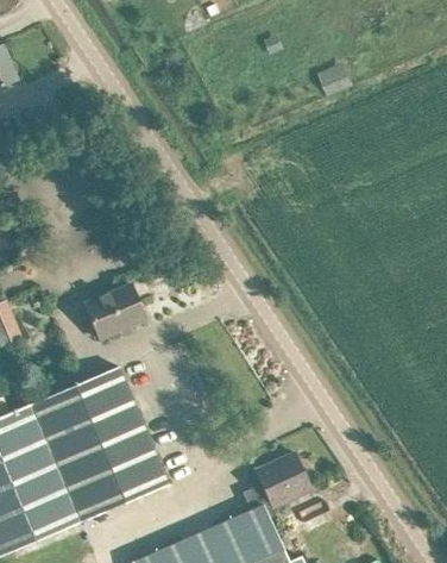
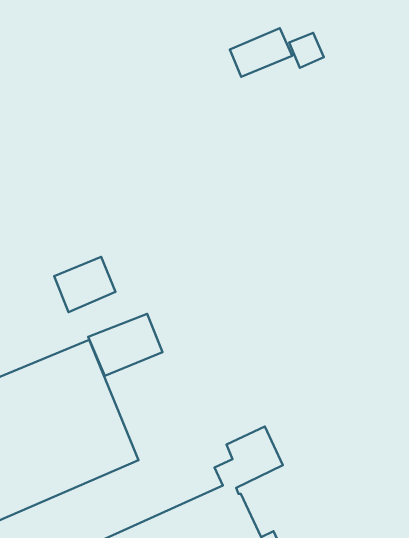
building: none -> [230,28,292,77]
building: none -> [88,314,163,376]

